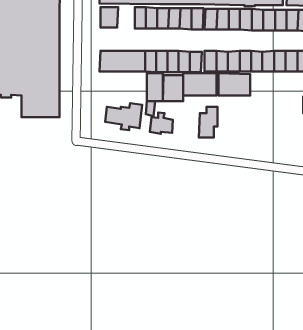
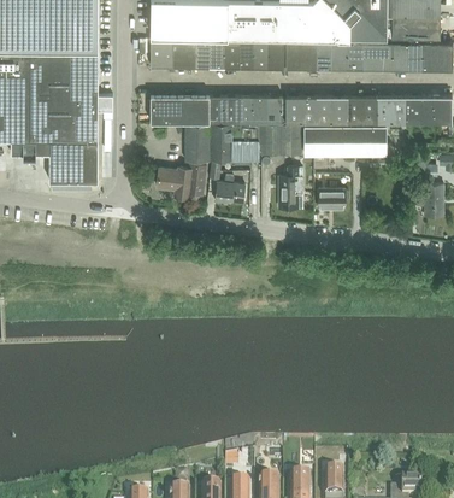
building: none -> [172,41,195,69]
building: none -> [185,127,208,163]
building: none -> [344,128,385,156]
building: none -> [318,191,348,211]

